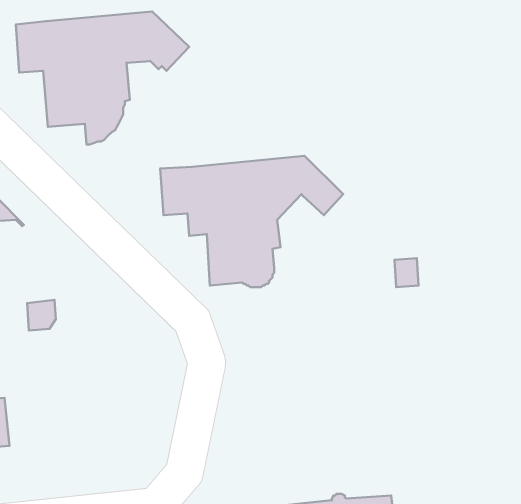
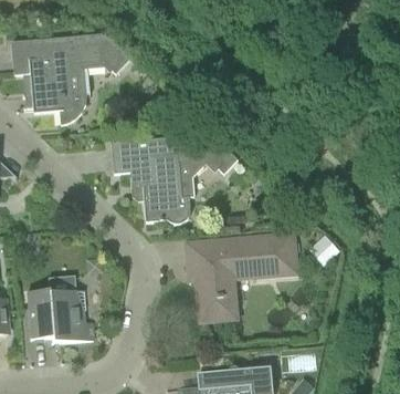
building: none -> [186,232,297,320]
building: none -> [27,289,93,342]

